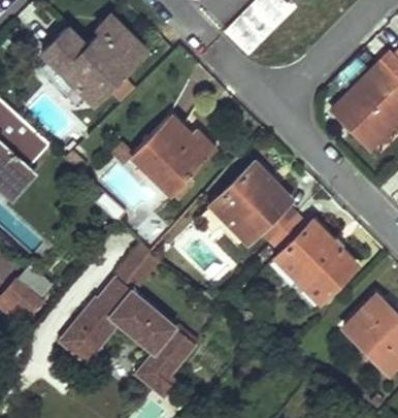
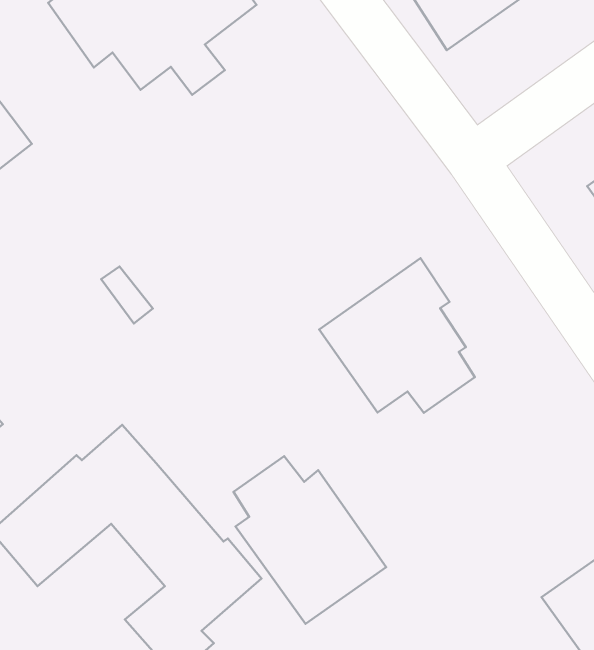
building: [132,118,213,195] -> none
building: [268,219,353,302] -> [233,456,386,624]
building: [115,243,162,291] -> none

